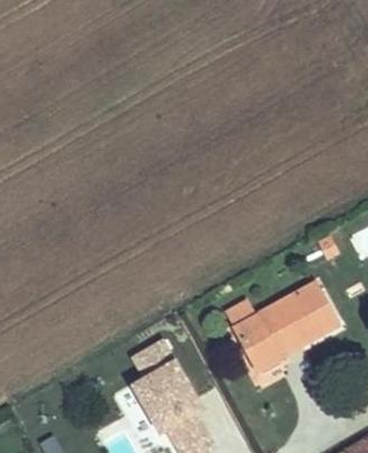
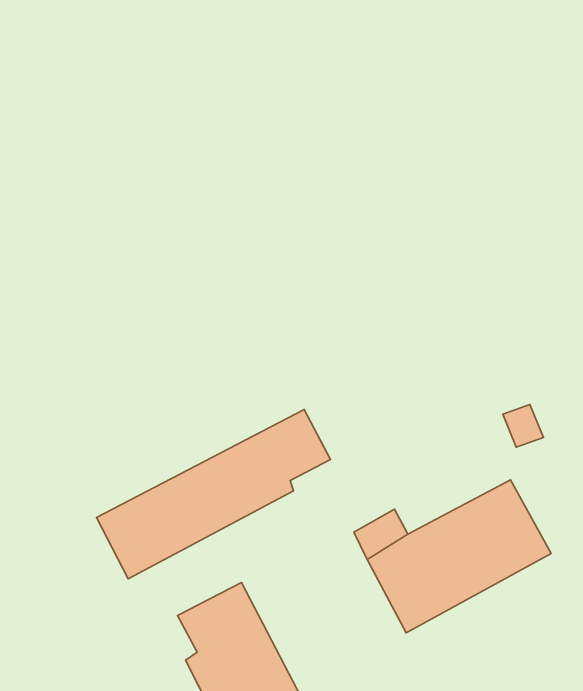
building: none -> [97,410,330,579]

